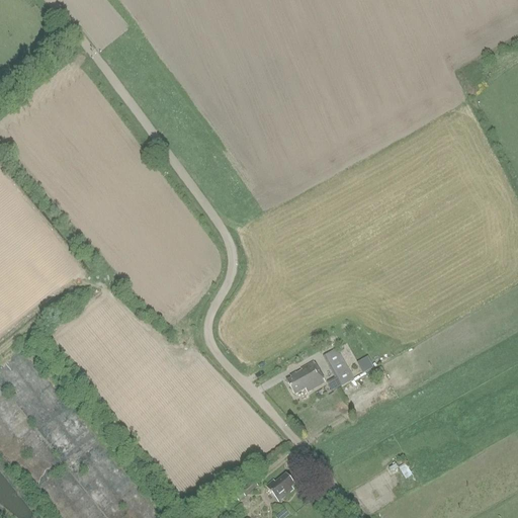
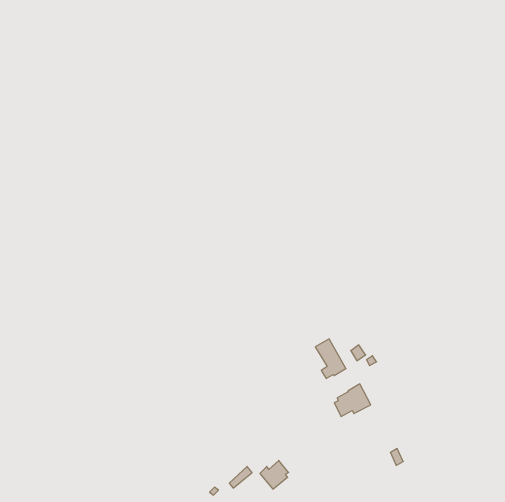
building: [287,360,325,394] -> [334,384,371,417]

